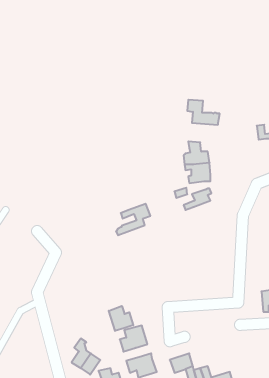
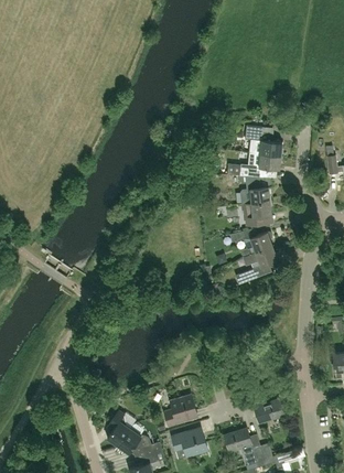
building: none -> [240,153,281,176]
building: [116,204,150,235] -> [237,246,278,283]
building: [109,306,133,331] -> none
building: none -> [254,398,284,423]

